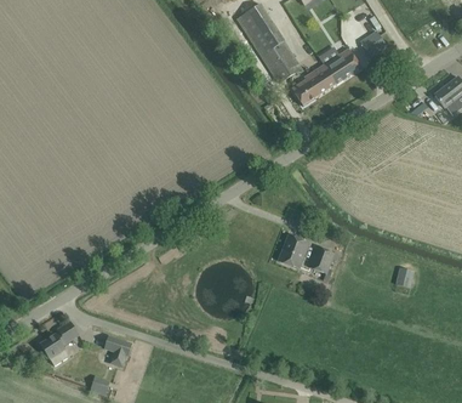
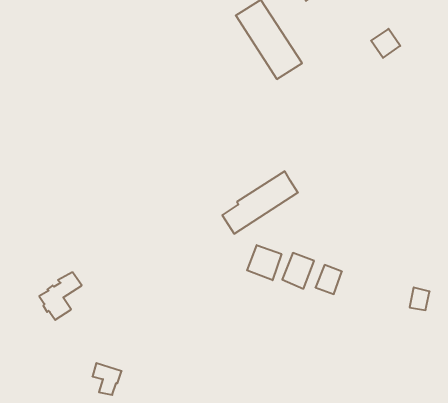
building: [292,49,361,106] -> [222,171,298,234]
building: none -> [247,245,281,280]
building: [40,322,79,365] -> [39,272,82,320]

